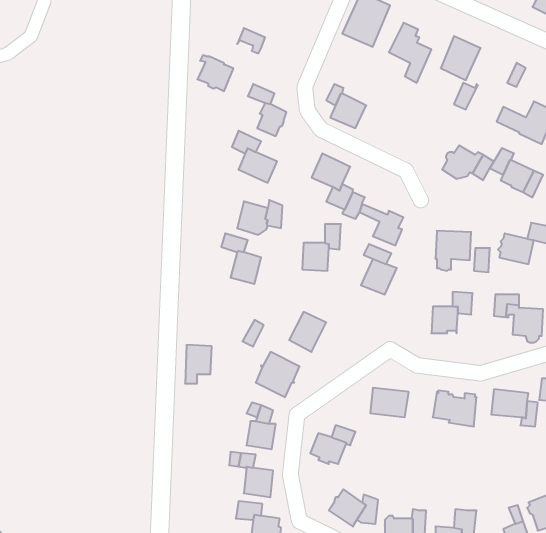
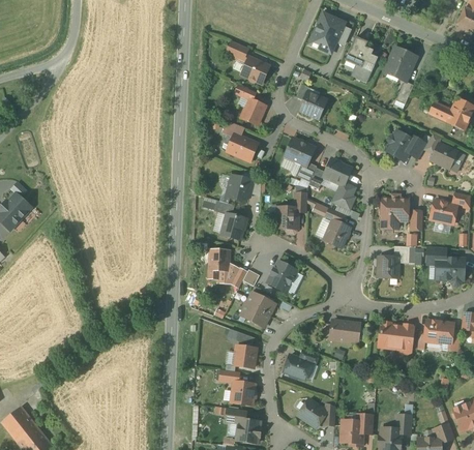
building: [197,55,233,91] -> [241,56,269,84]
building: none -> [324,158,352,185]
building: [185,345,212,384] -> [209,248,230,278]

